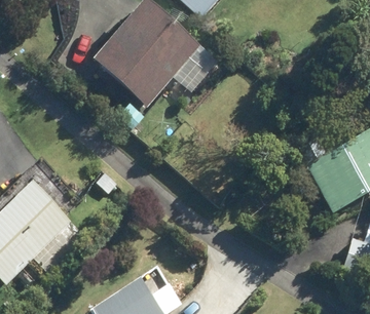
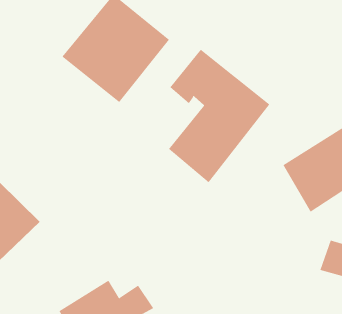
building: none -> [168,49,270,183]

